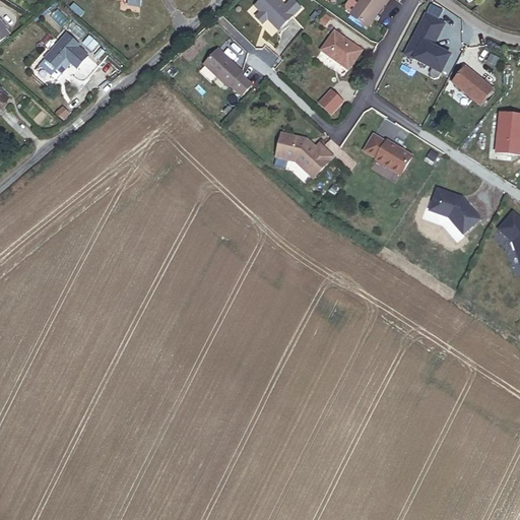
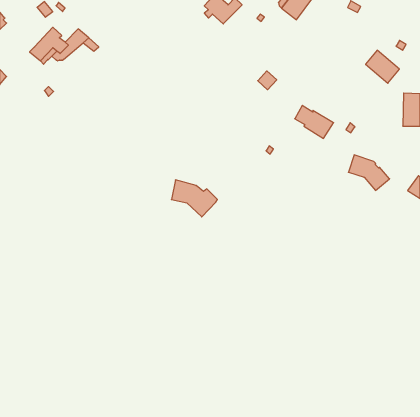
building: [406,11,452,76] -> none
building: [320,32,360,70] -> none
building: [200,52,249,98] -> none
building: [274,130,331,176] -> [171,180,217,217]

